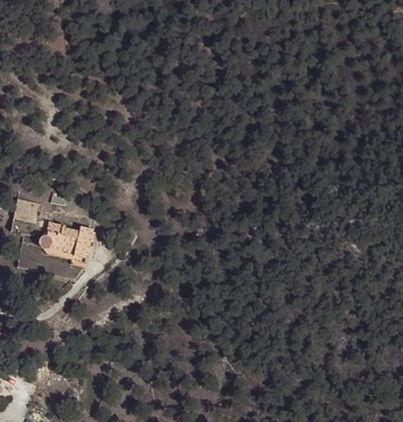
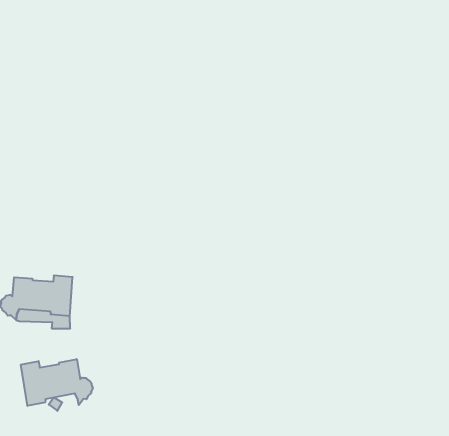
building: none -> [21,359,93,406]

